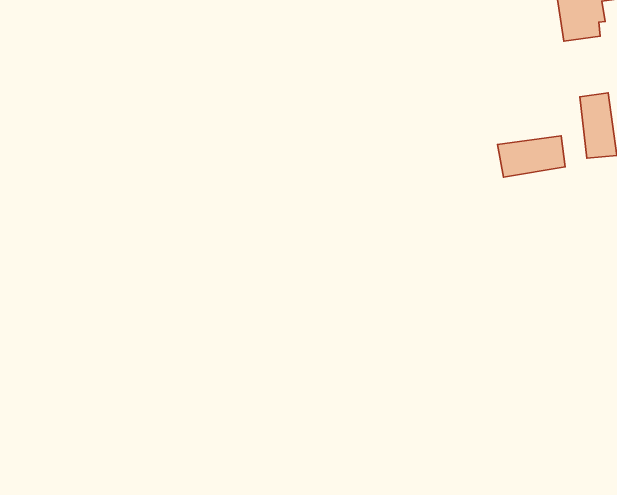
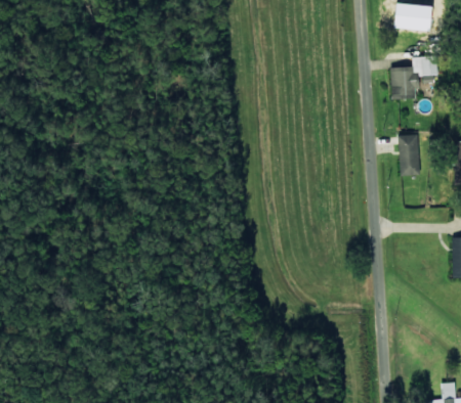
building: [498,136,565,177] -> none

